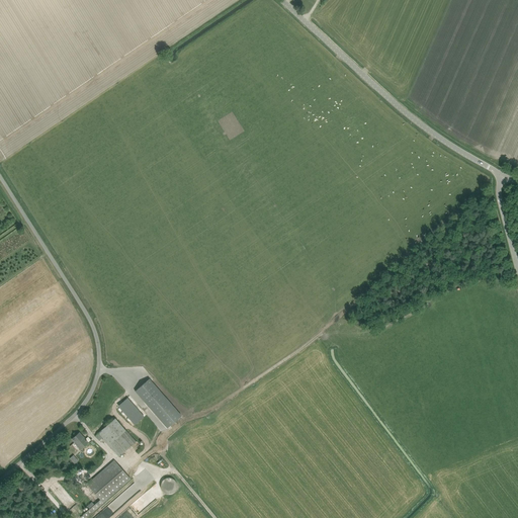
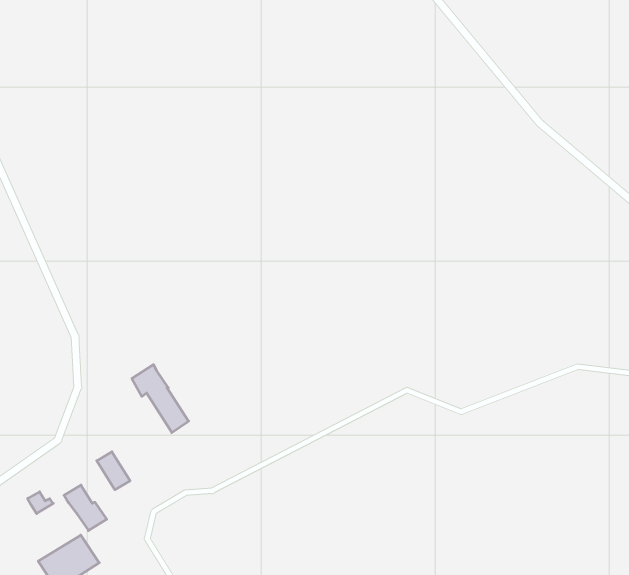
building: [135,378,180,426] -> [132,365,189,433]

